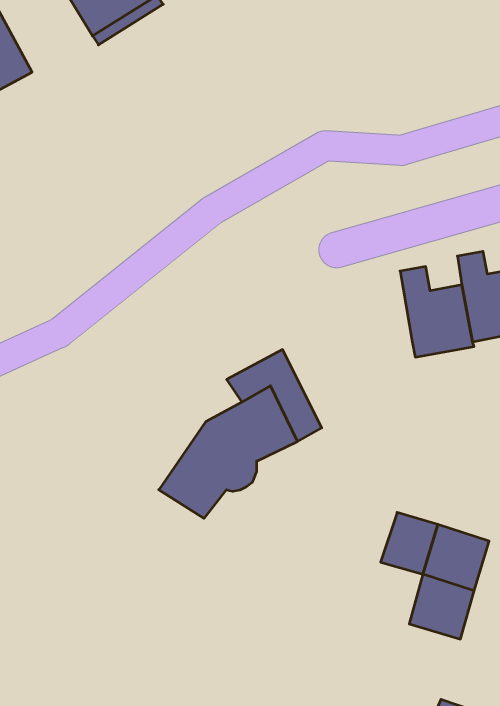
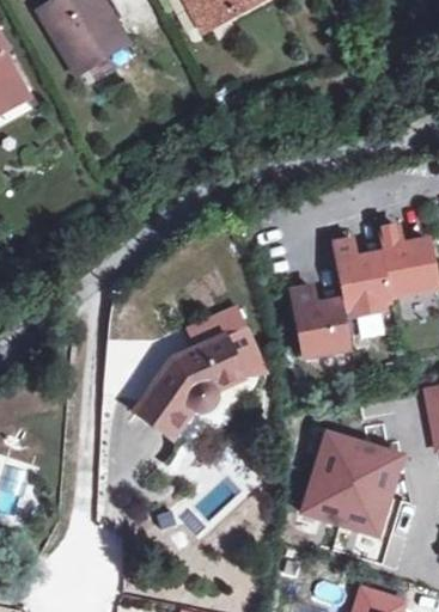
building: none -> [288,287,348,359]
building: none -> [303,475,347,524]

